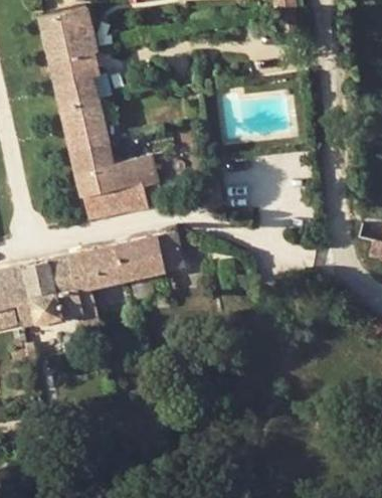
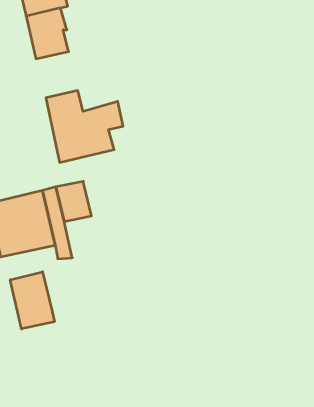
building: [61,100,108,151] -> none
building: [114,230,184,282] -> none
building: none -> [10,272,54,329]

